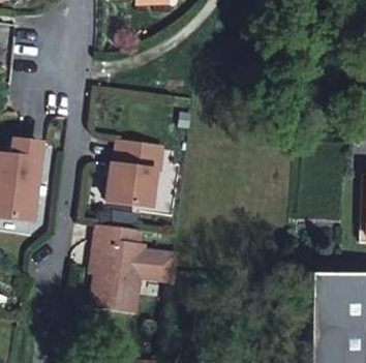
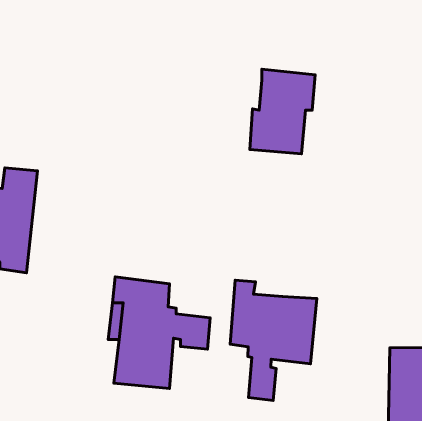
building: [110,139,159,203] -> [250,69,315,154]
building: none -> [230,280,317,400]

